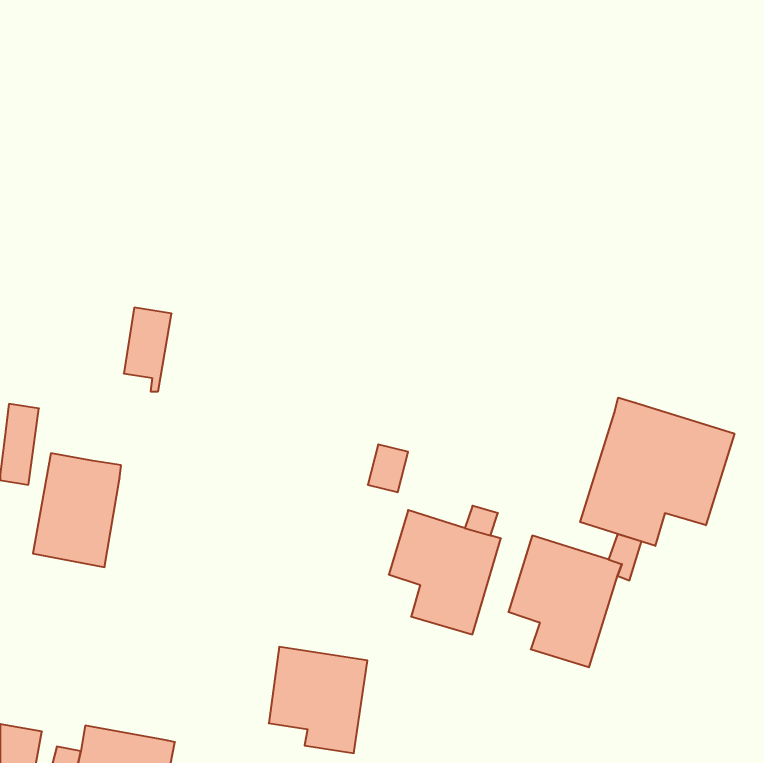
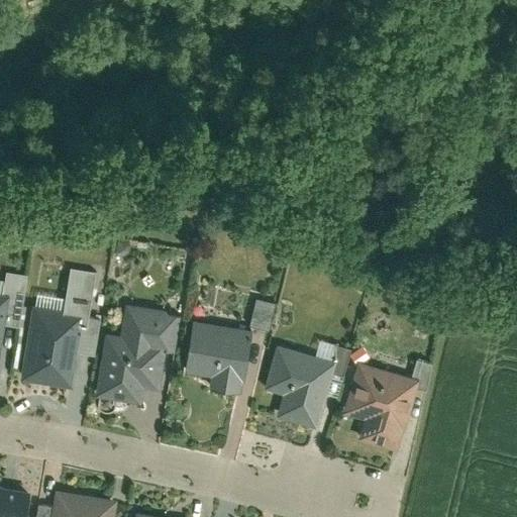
building: [124,308,172,391] -> [63,268,95,324]
building: [580,398,734,546] -> none
building: none -> [97,305,177,404]
building: [269,647,367,753] -> [186,322,252,394]

